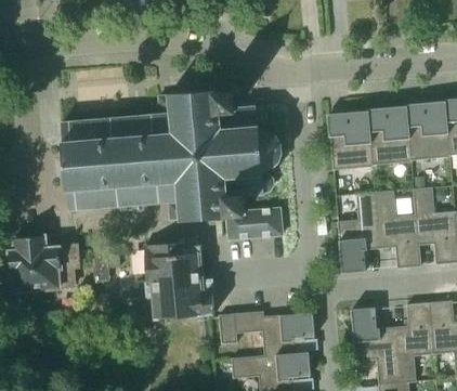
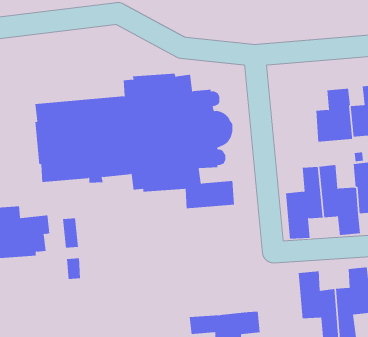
building: [329,110,373,169] -> none
building: [127,240,210,320] -> none
building: [218,311,314,355] -> none

